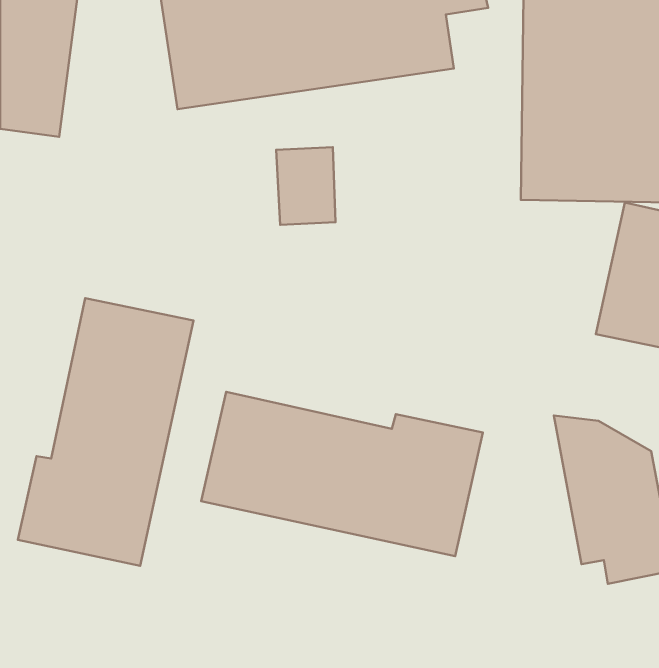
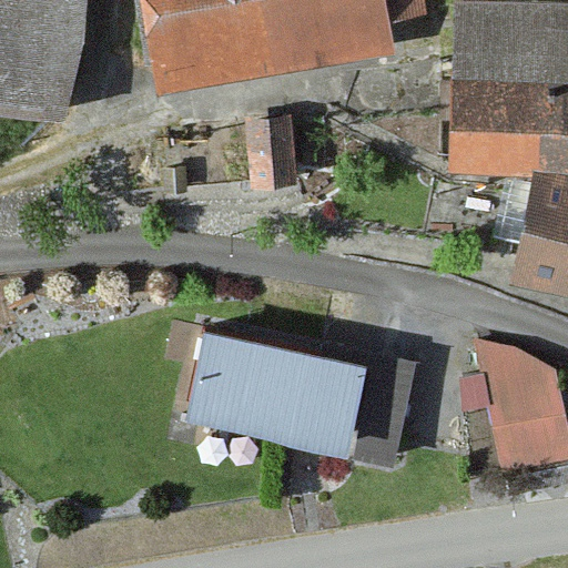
building: [18,298,194,566] -> none

